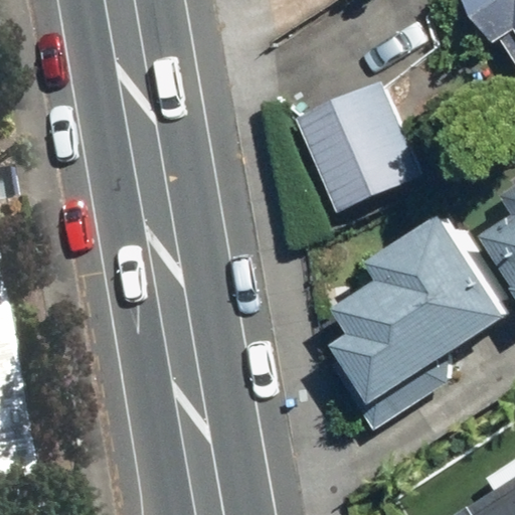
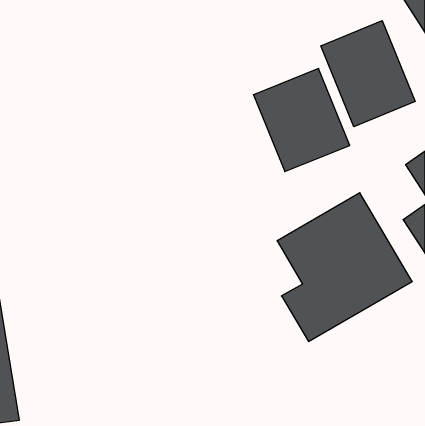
building: none -> [321,21,415,127]

